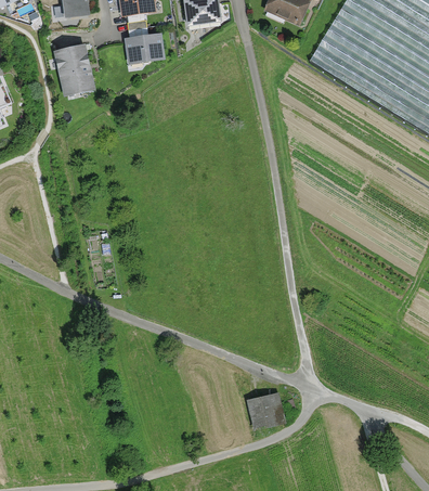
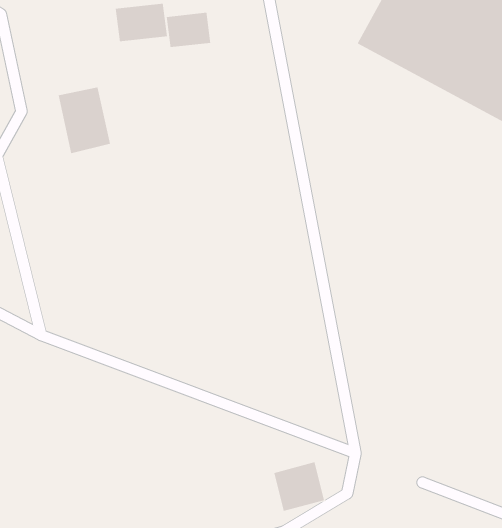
building: none -> [166,12,211,48]
building: [53,44,94,96] -> [58,87,111,154]

